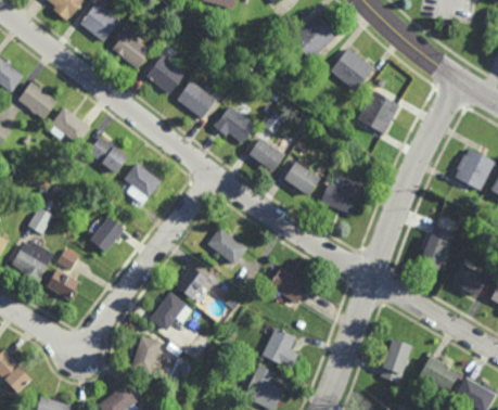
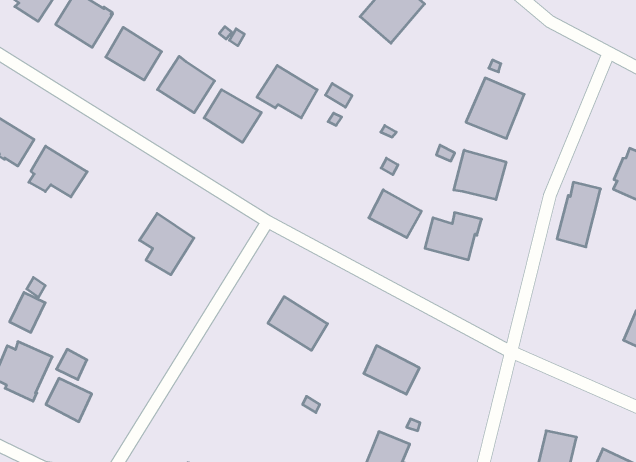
building: [330,48,373,90] -> none
building: [213,105,255,143] -> [257,65,317,118]
building: [88,136,128,174] -> none
building: [247,137,284,171] -> none
building: none -> [454,150,506,200]
building: [90,216,125,253] -> none
building: [419,225,452,270] -> [557,182,601,247]
building: [176,267,208,300] -> none
building: [150,292,191,331] -> none

